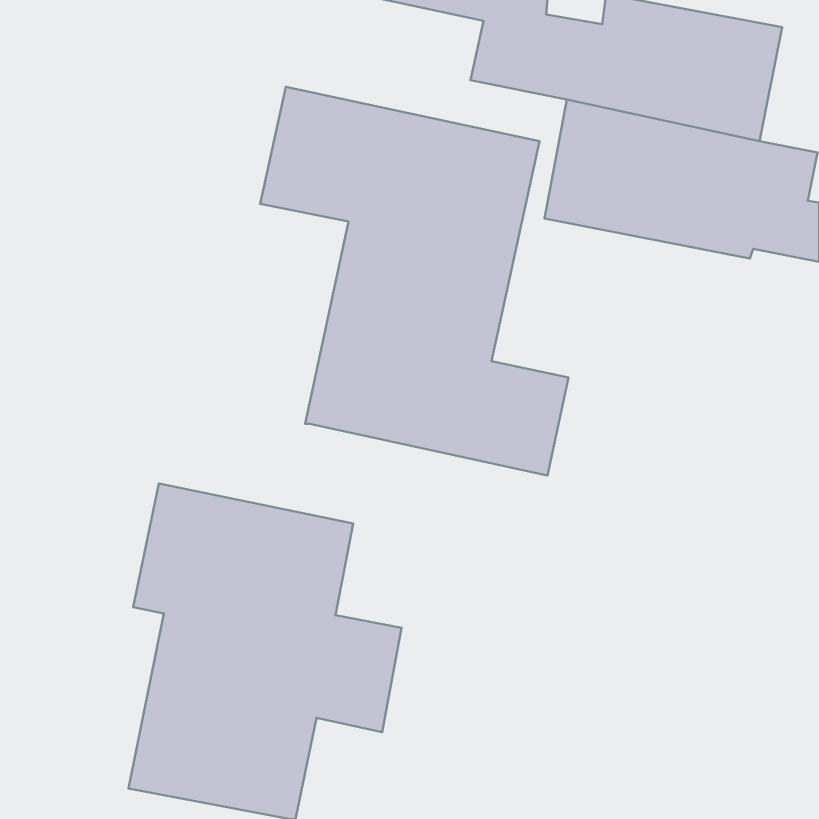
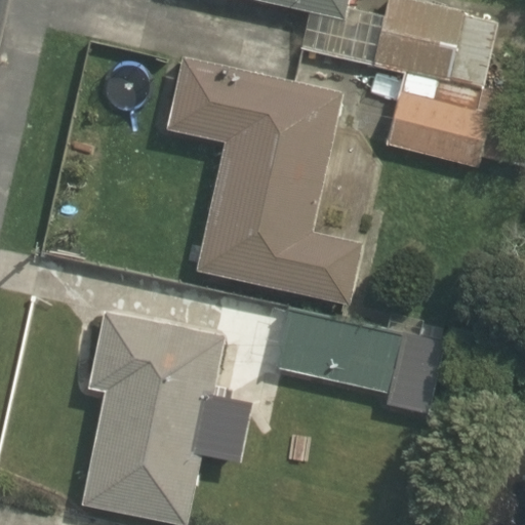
building: none -> [276,307,447,416]

